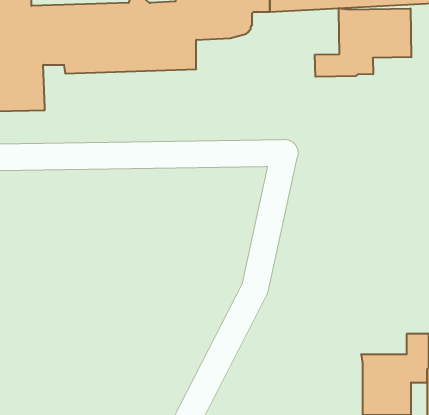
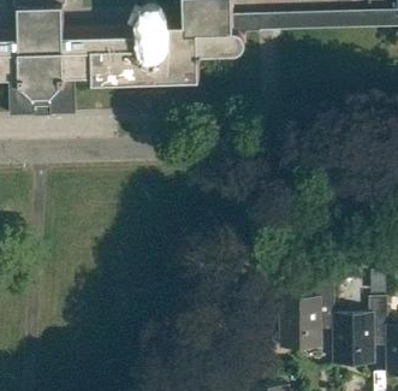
building: [315,8,411,77] -> none
building: none -> [281,279,337,345]

